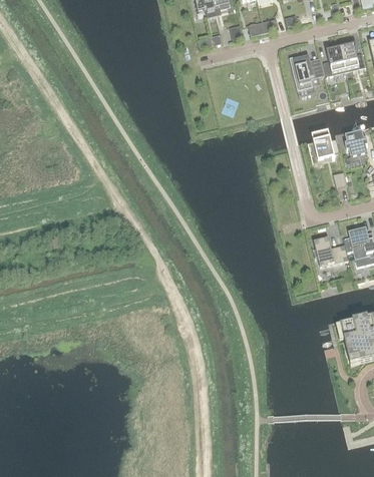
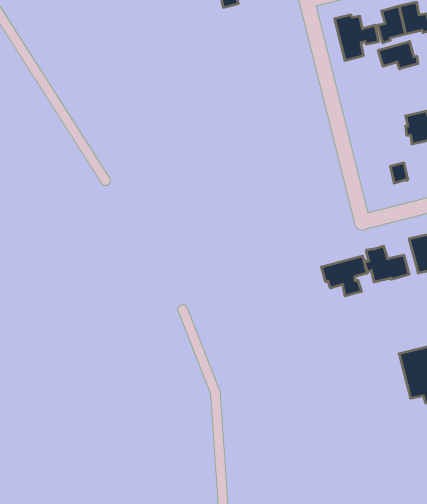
building: none -> [378,41,418,69]
building: [312,129,339,158] -> none
building: none -> [321,256,367,296]

